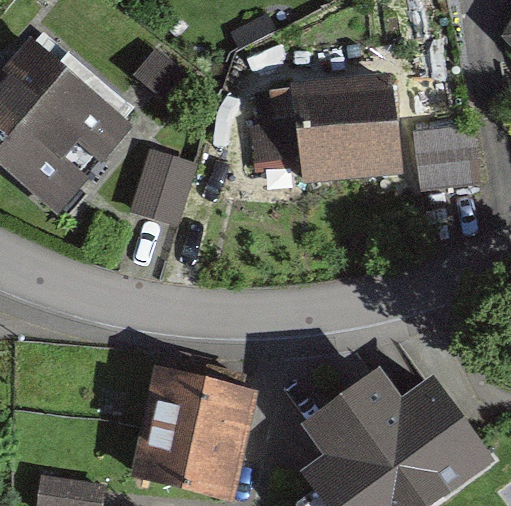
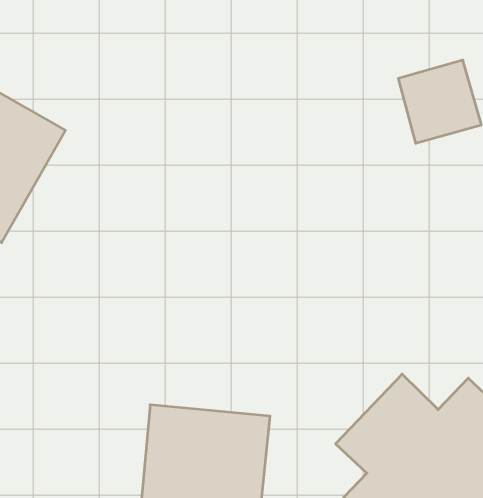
building: [255,80,400,179] -> none
building: [134,144,203,223] -> none

